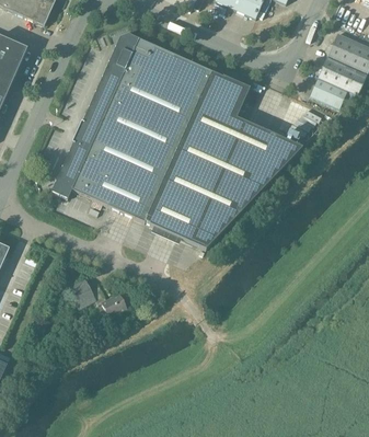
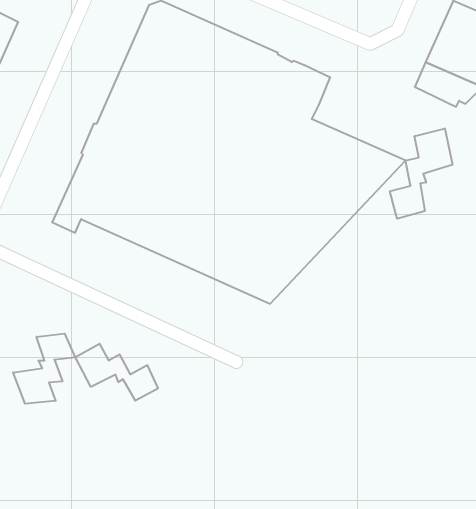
building: none -> [390,128,452,219]
building: none -> [13,334,75,404]

